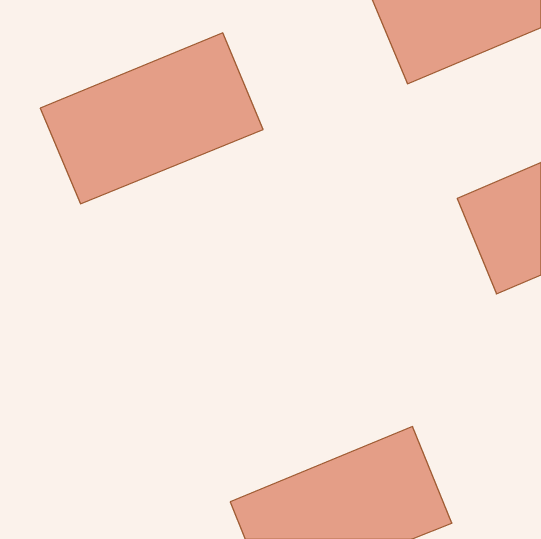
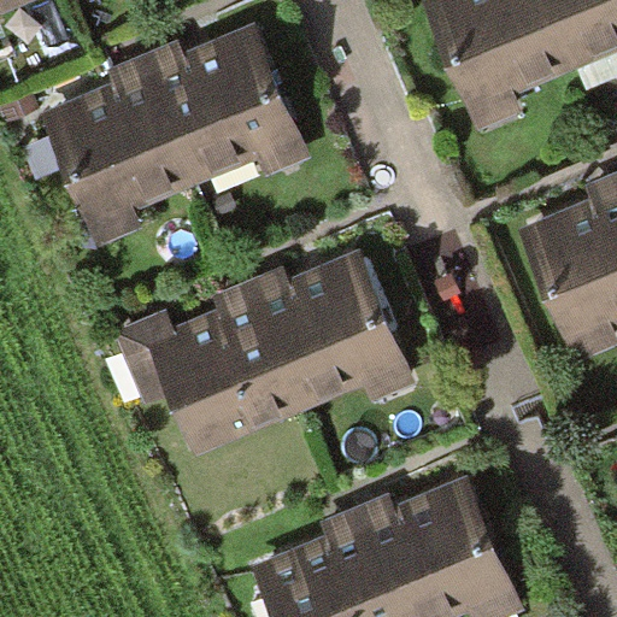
building: none -> [147,253,399,448]

